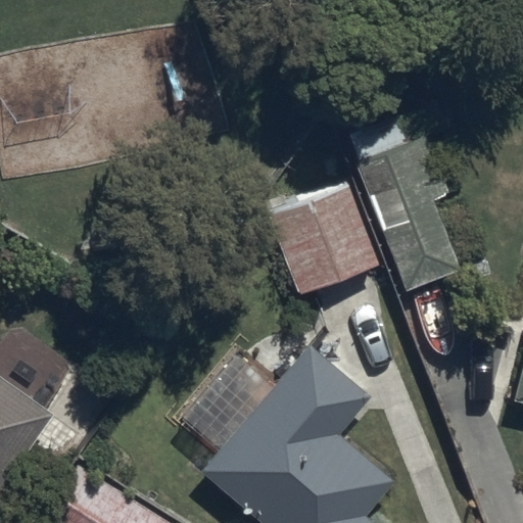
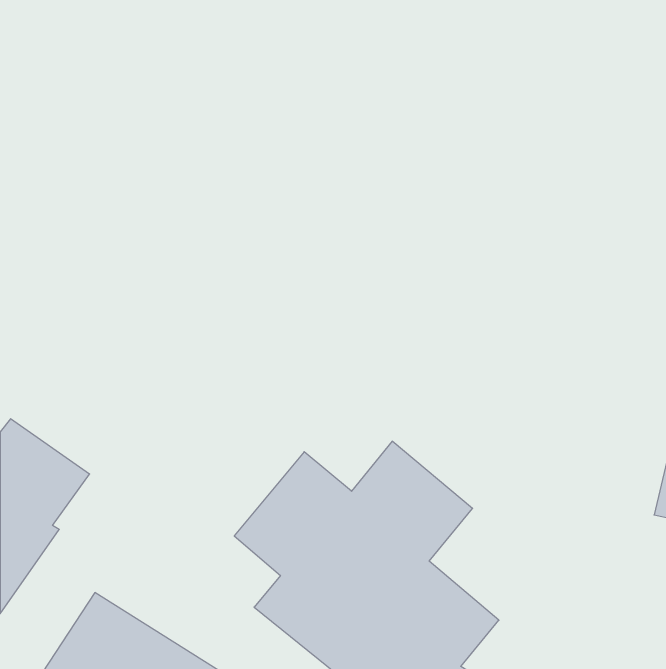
building: [350,118,458,292] -> none
building: [269,185,377,294] -> none

